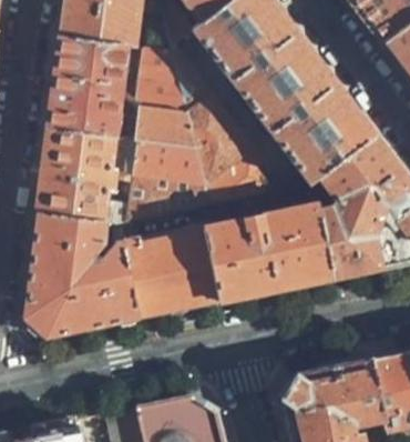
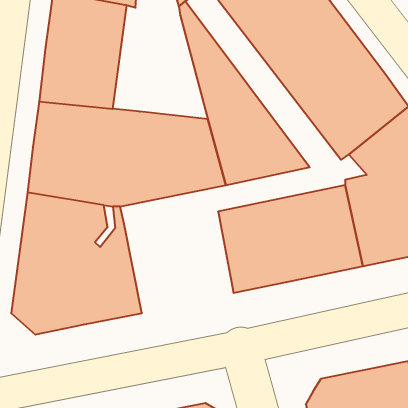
building: [136,51,197,147] -> none
building: [124,221,219,317] -> none

